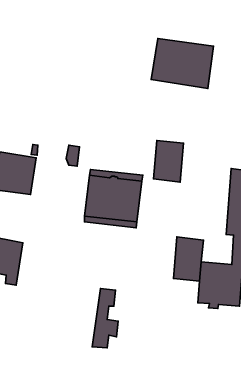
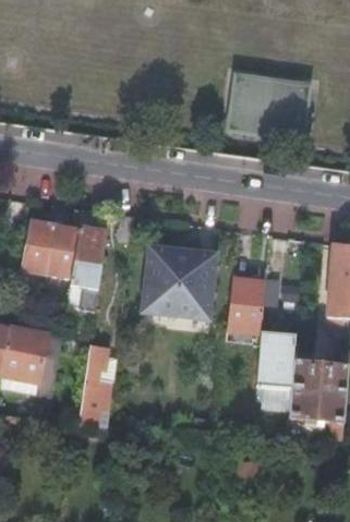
building: [153,141,183,182] -> [227,277,266,331]
building: none -> [69,228,106,308]
building: [92,289,118,348] -> [79,344,112,422]

